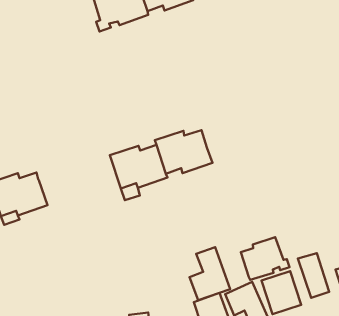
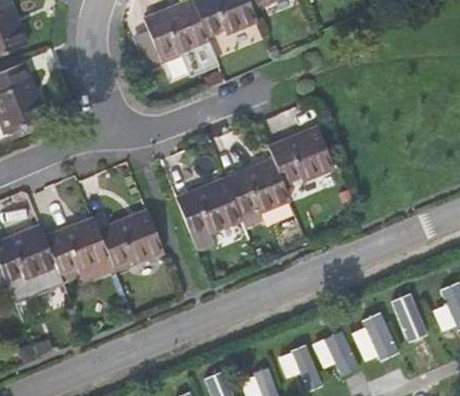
building: none -> [268,132,333,183]
building: none -> [98,215,163,266]
building: [241,237,289,280] -> none
building: [189,247,230,300] -> none

